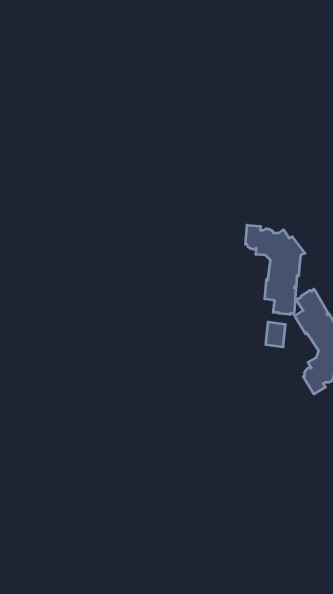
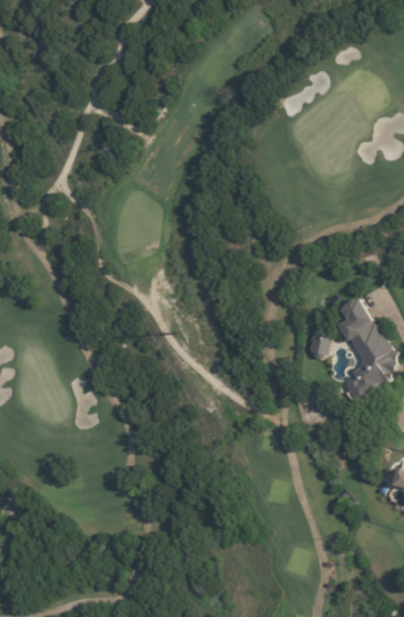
building: [245,225,305,315] -> none

